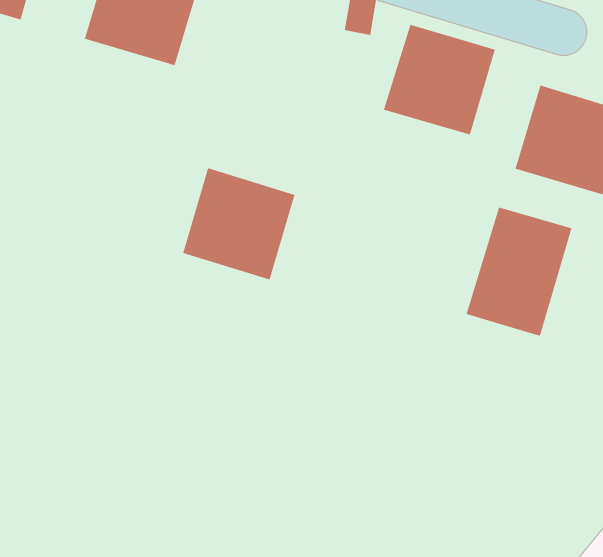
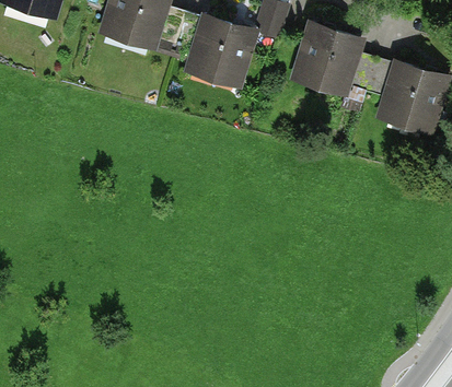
building: [182,167,295,281] -> [186,13,259,86]
building: [465,207,573,337] -> none

